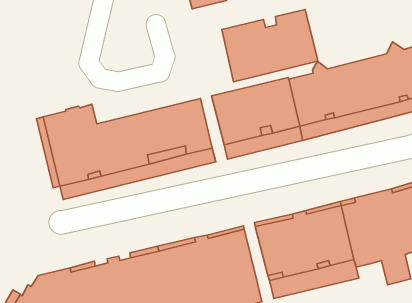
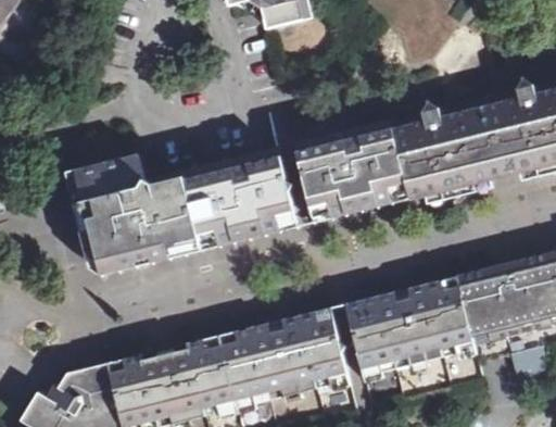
building: [222,10,318,82] -> none

